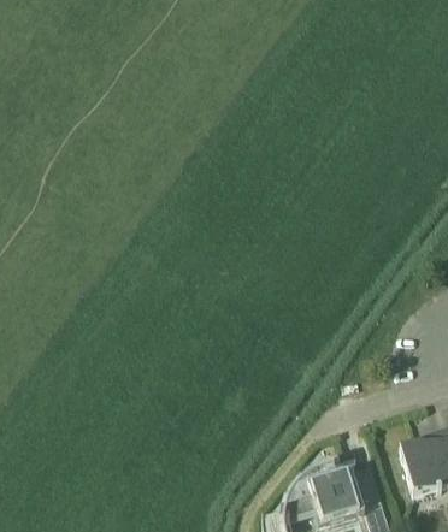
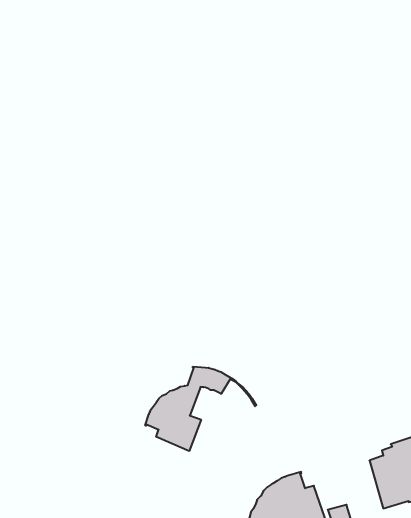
building: none -> [145,367,256,451]

